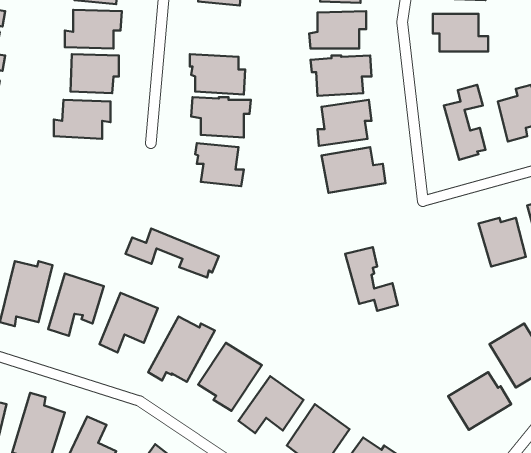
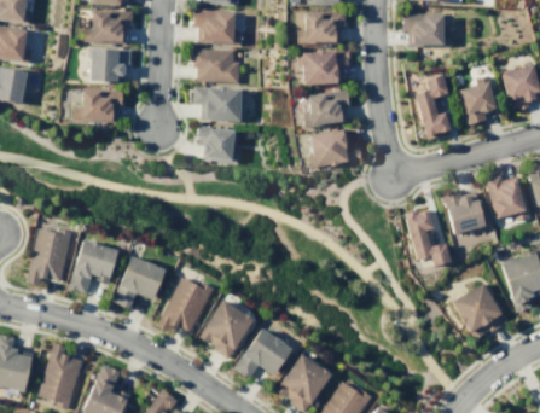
building: none -> [194,10,242,45]
building: [125,229,219,278] -> none
building: [345,247,398,311] -> [405,210,451,266]
building: [448,372,511,430] -> none

